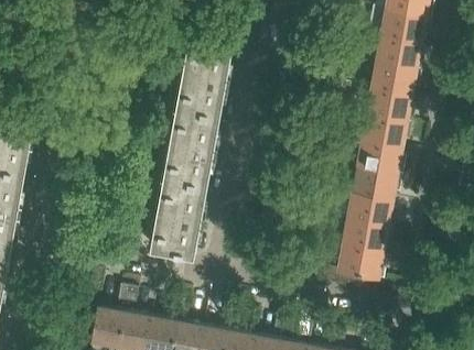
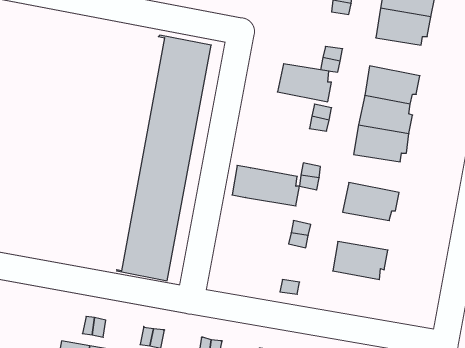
building: [374,34,422,68] -> [277,64,331,102]
building: [355,139,403,173] -> none
building: [333,188,394,225] -> [232,165,300,206]
building: [335,243,385,276] -> none

